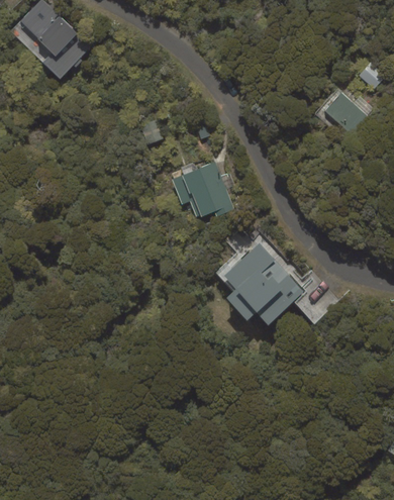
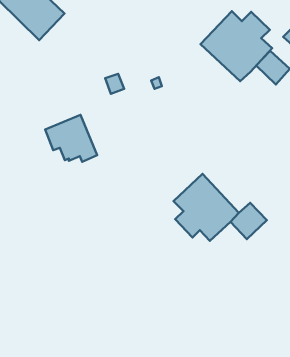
building: none -> [201,11,272,81]
building: [171,161,234,218] -> [45,115,97,162]

